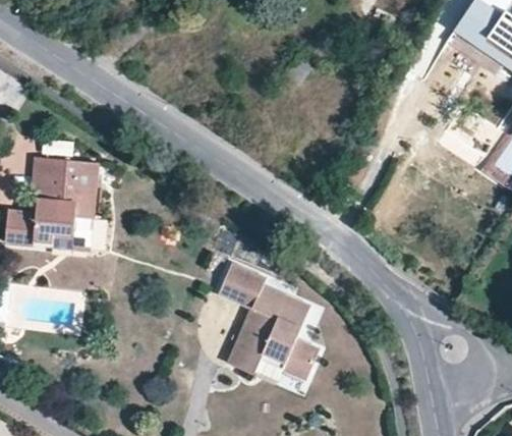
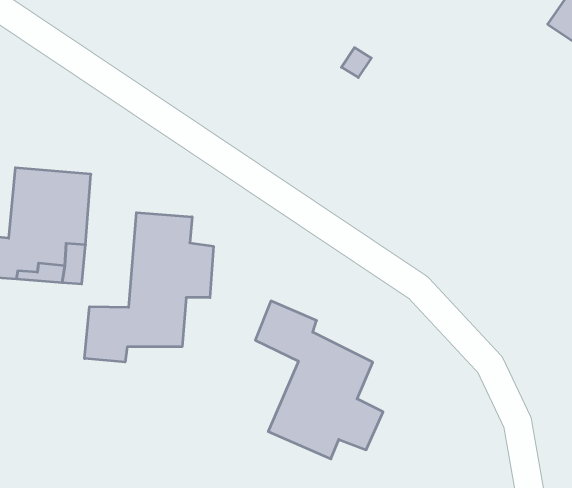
building: none -> [85,213,213,362]

